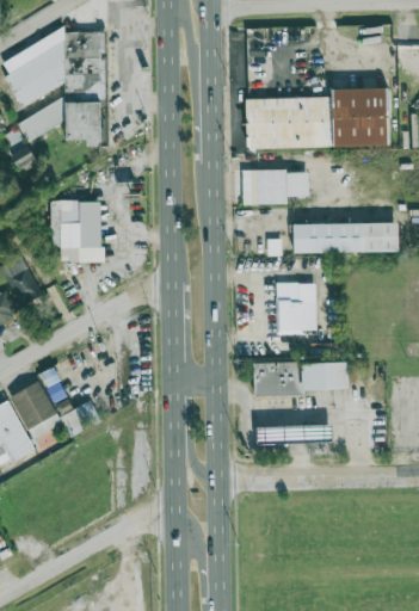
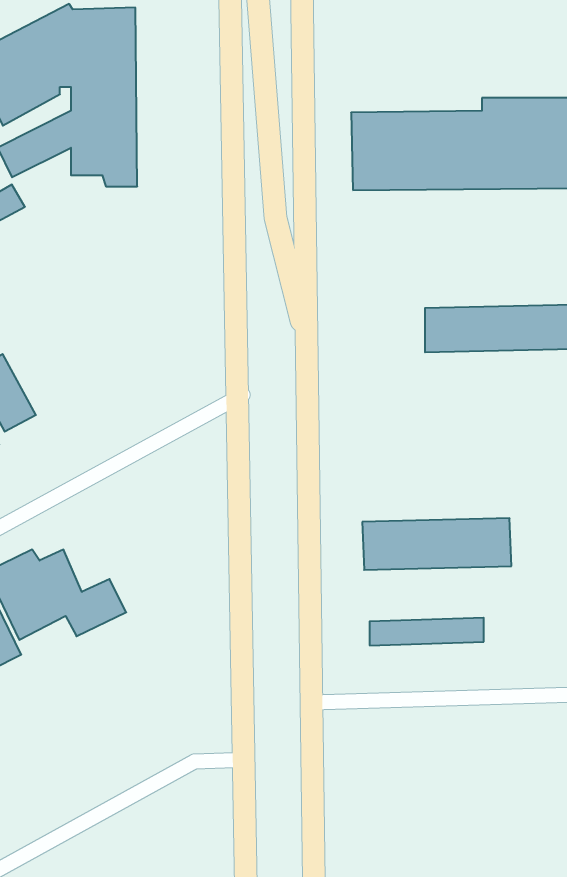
building: [241,169,308,204] -> none
building: [50,199,101,261] -> none
building: [276,283,316,332] -> none

